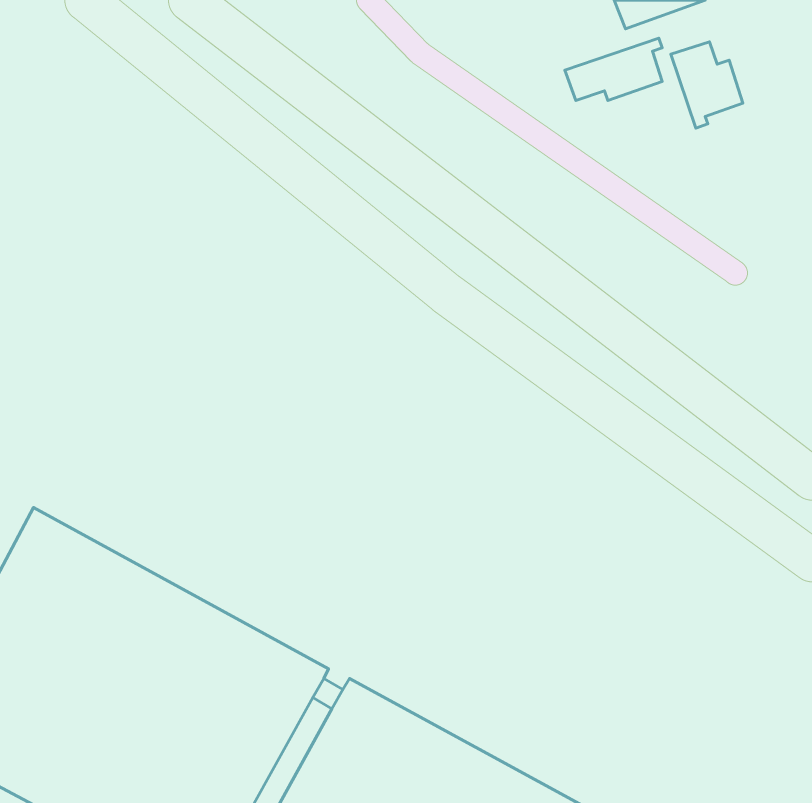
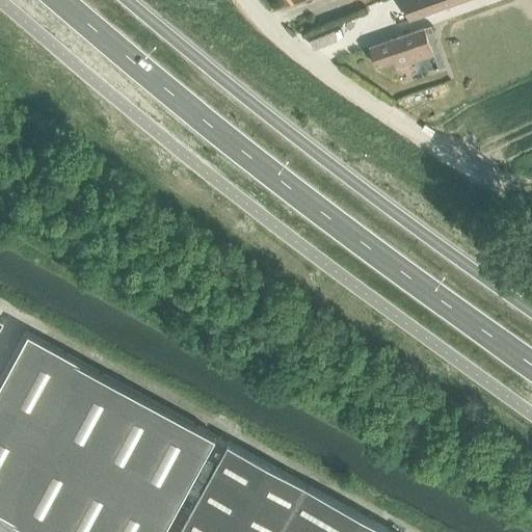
building: [671,42,743,128] -> none

